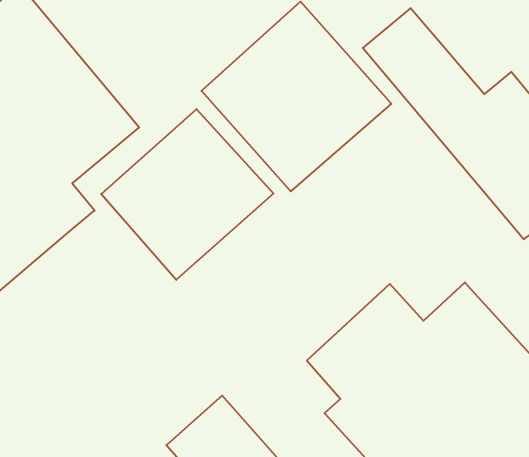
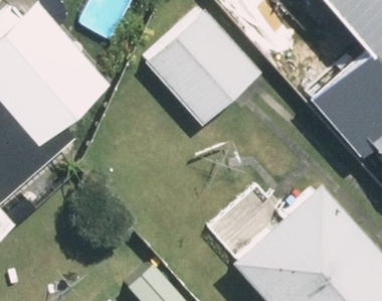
building: [101,109,273,280] -> none

